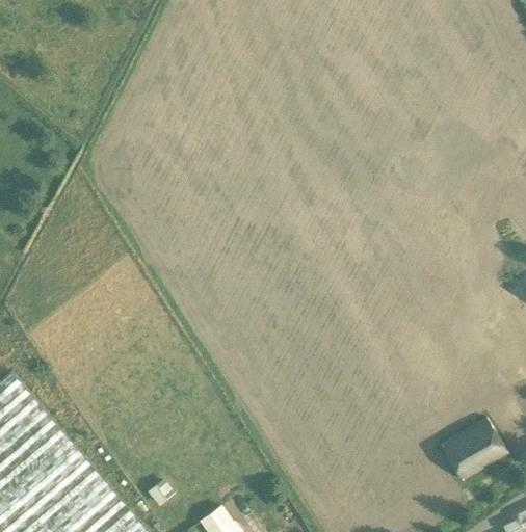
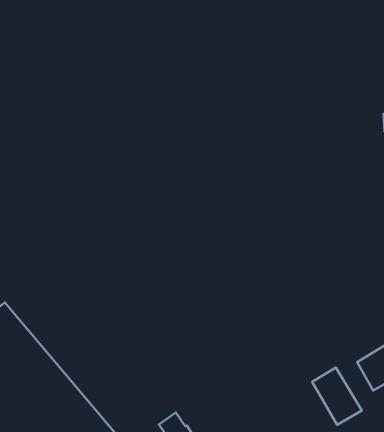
building: none -> [312,368,362,425]

